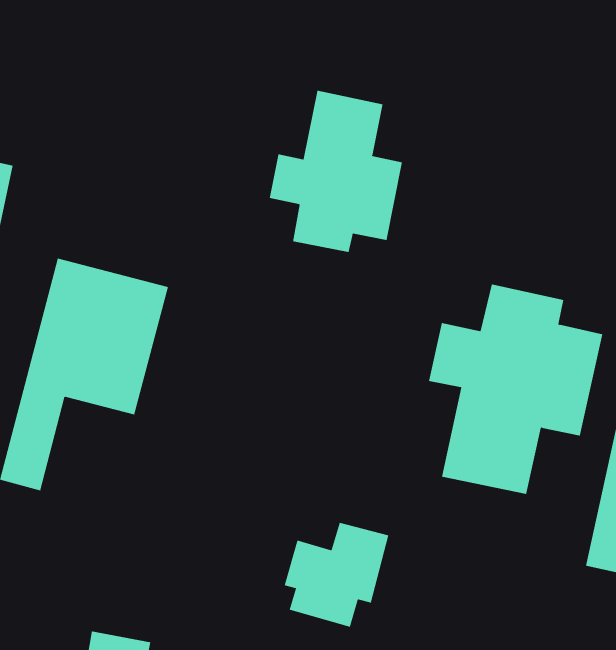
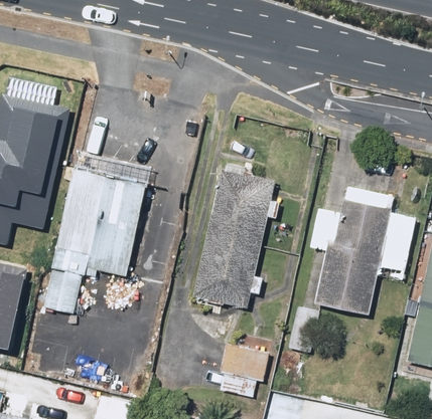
building: [269,90,403,253] -> none
building: none -> [191,164,281,317]

